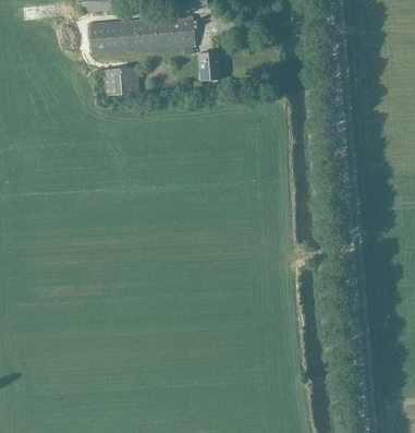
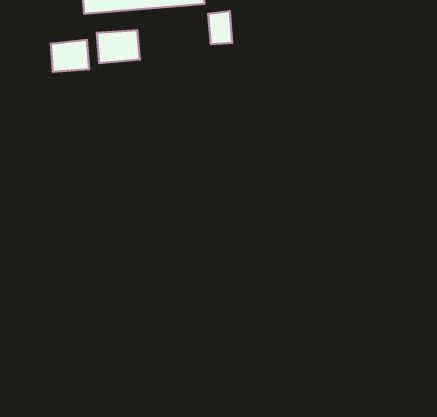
building: none -> [51,40,89,72]

